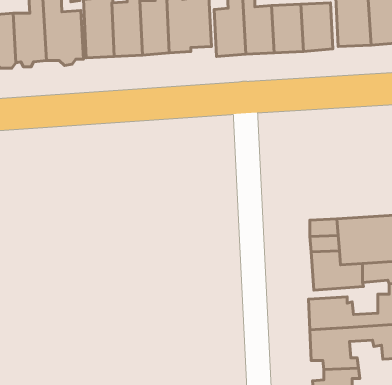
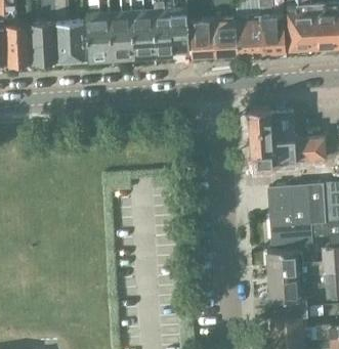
building: none -> [248,110,324,169]

